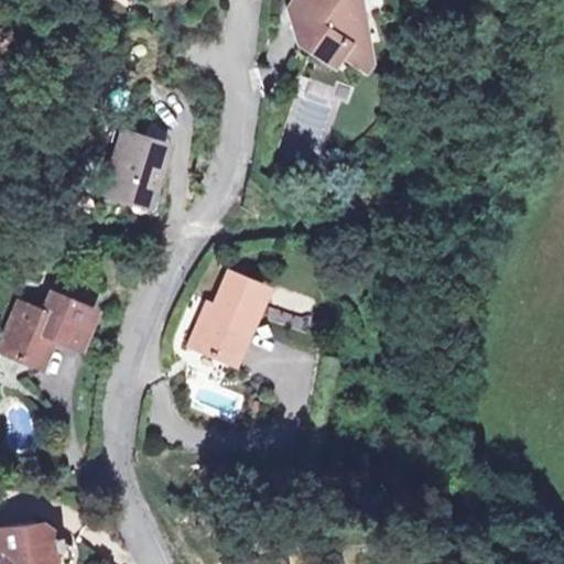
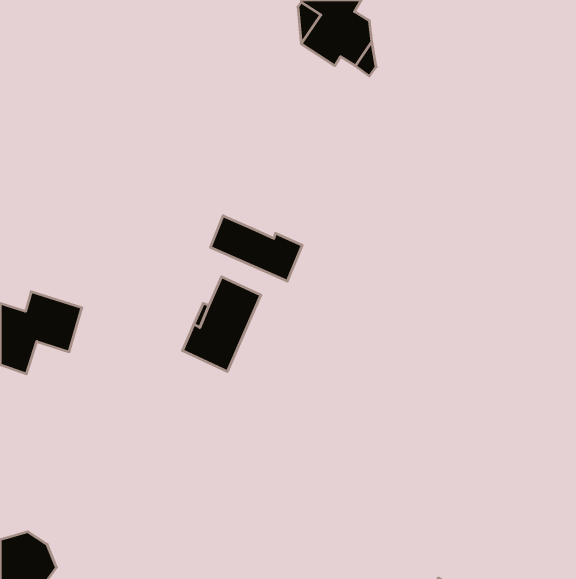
building: [105,128,164,200] -> none
building: none -> [211,216,302,281]

